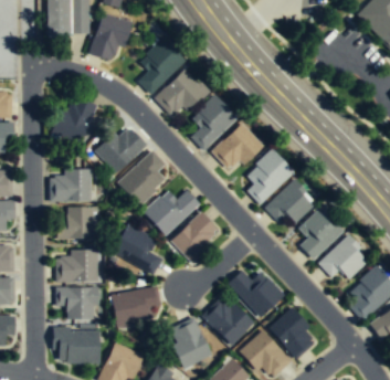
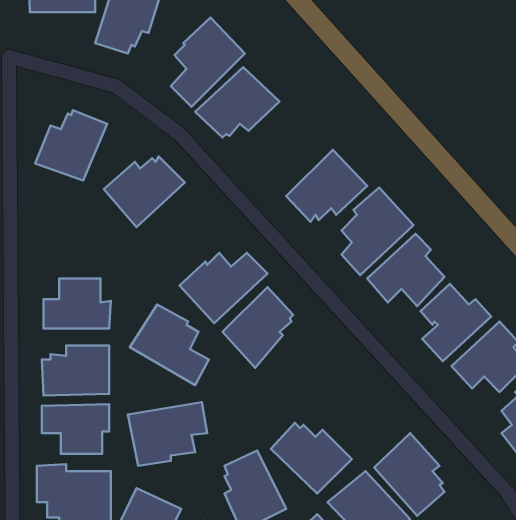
building: [190,95,238,152] -> none
building: [118,149,166,207] -> none
building: [50,169,92,201] -> none
building: [228,270,284,317] -> none

